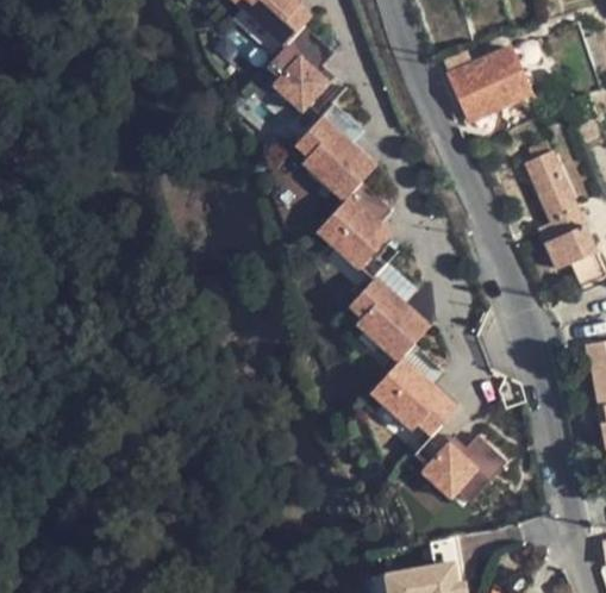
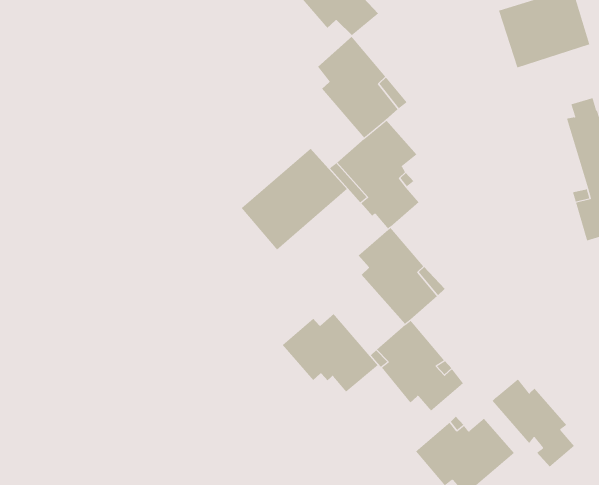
building: none -> [241,148,348,251]
building: none -> [282,313,379,392]
building: none -> [492,378,575,467]

